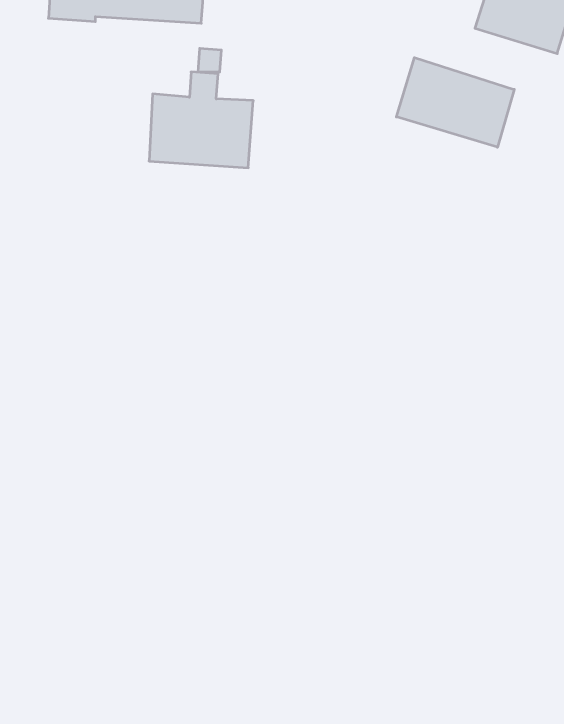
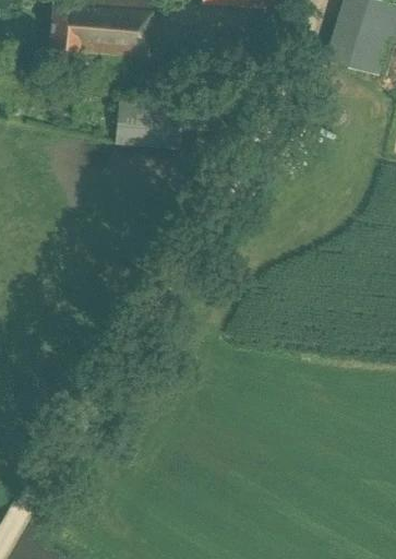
building: [396,58,514,147] -> none

